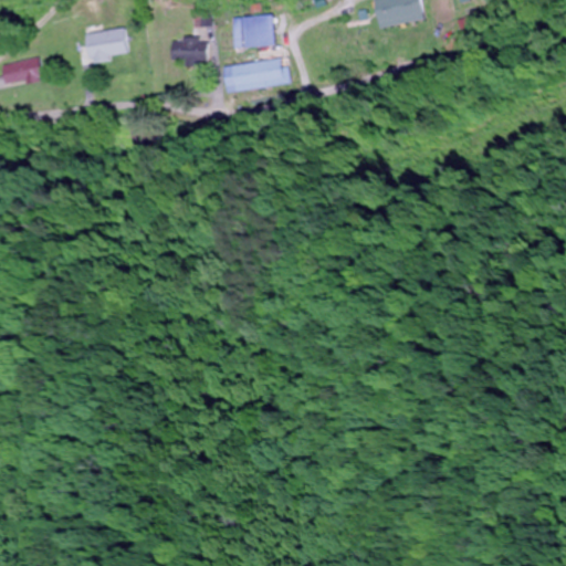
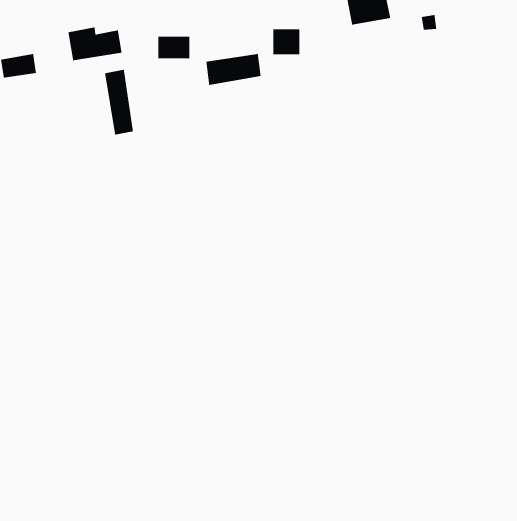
building: [244,17,274,45] -> [273,29,300,55]
building: none -> [104,69,134,136]

